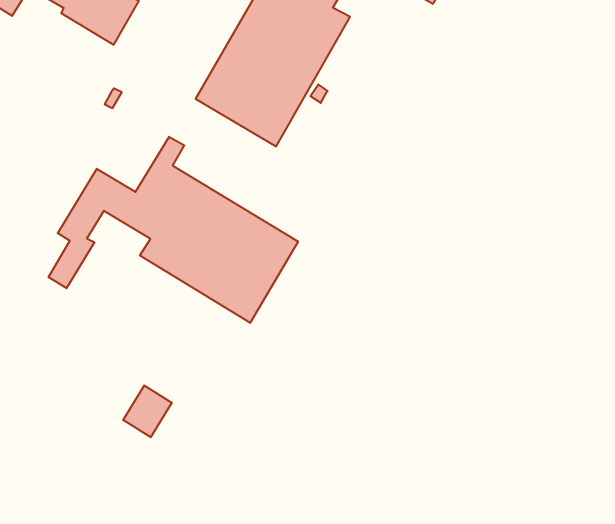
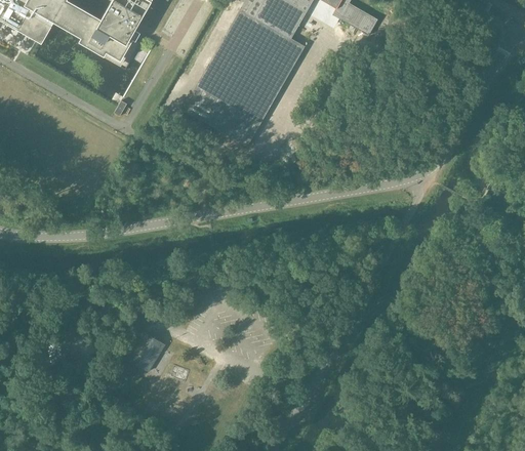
building: [49,137,298,323] -> none

